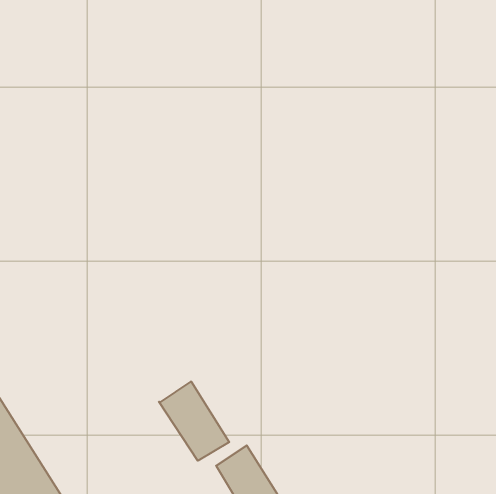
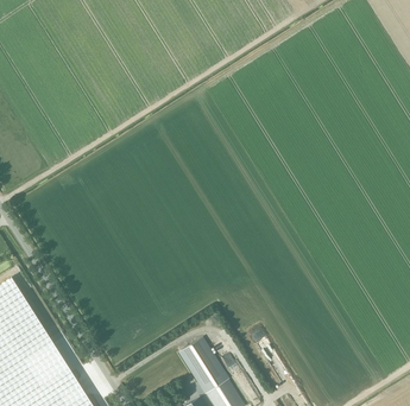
building: [159,381,229,461] -> none

